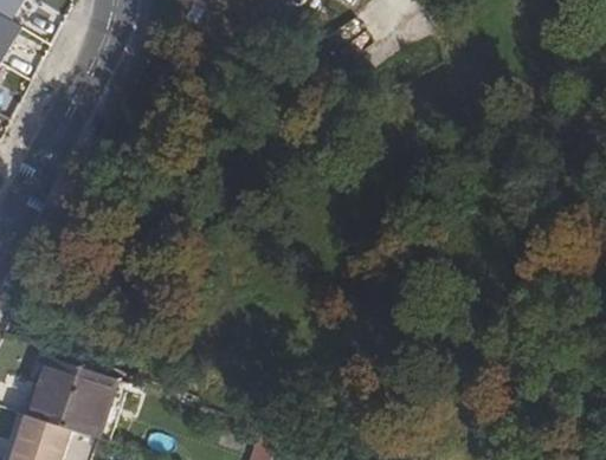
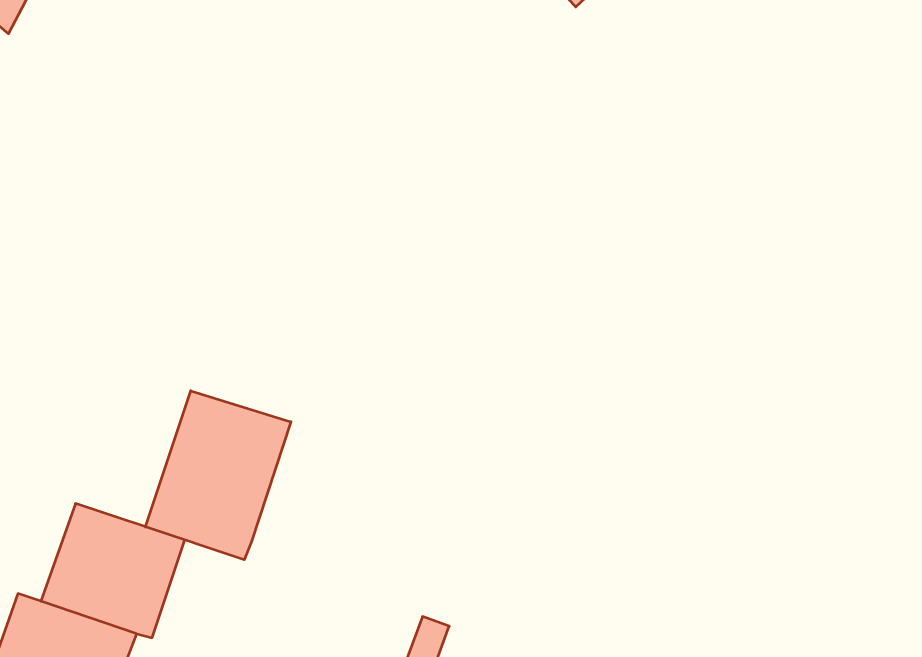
building: none -> [145,391,291,560]

